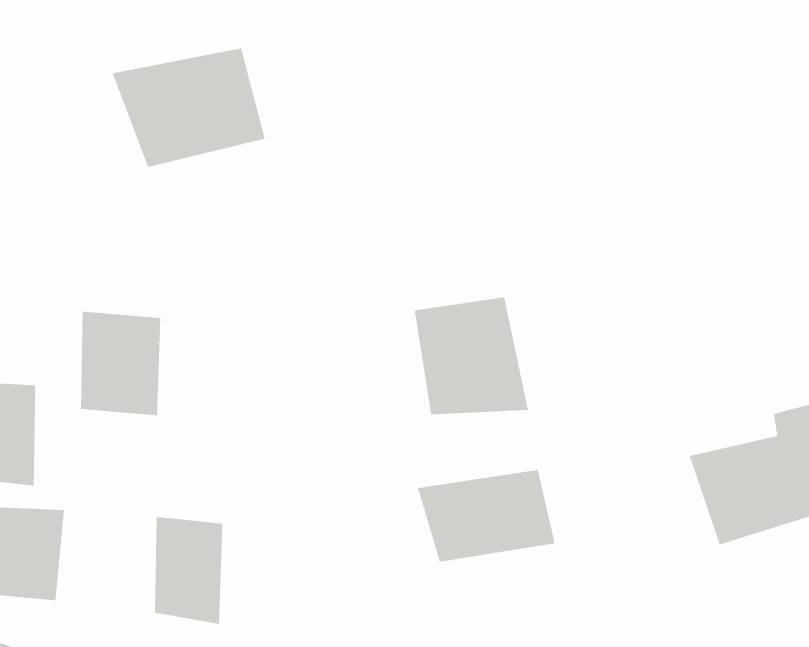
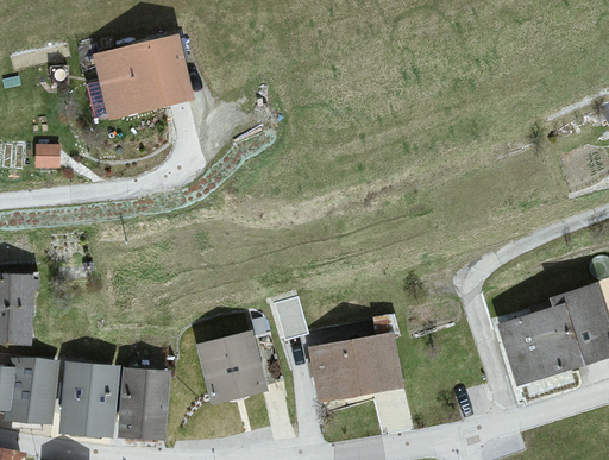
building: [414,297,529,415] -> none
building: [80,311,161,416] -> [59,361,117,435]
building: none -> [195,330,270,403]

